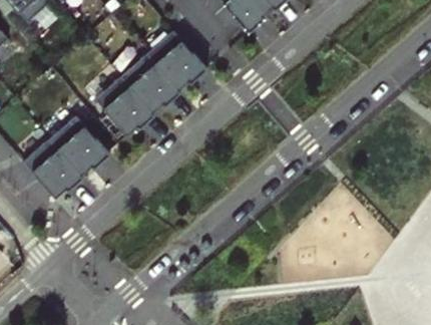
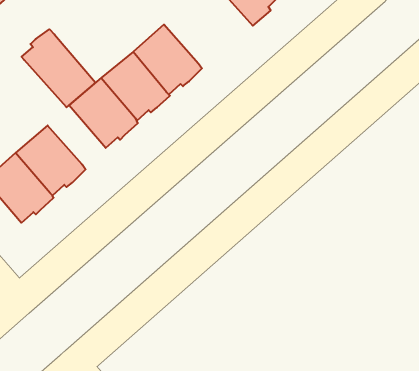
building: none -> [22,29,96,107]

